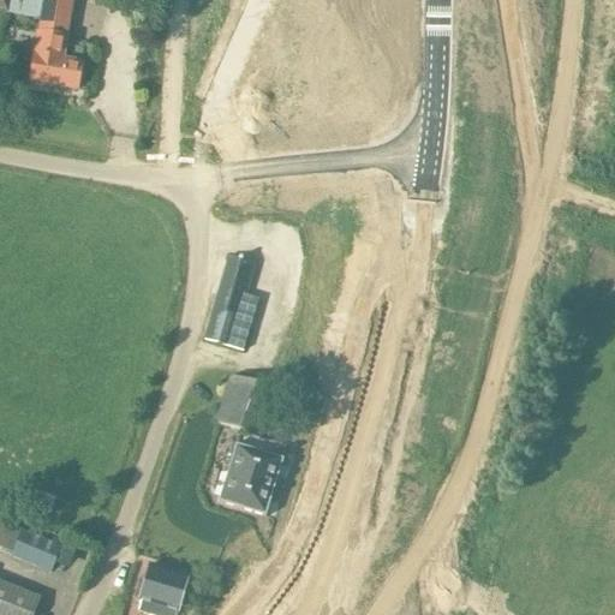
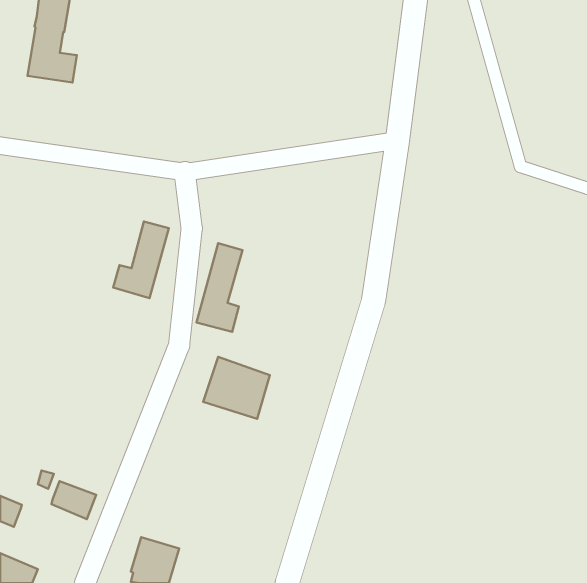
building: none -> [113,221,169,298]
building: [219,443,281,514] -> none
building: [13,532,60,572] -> [51,481,96,519]

